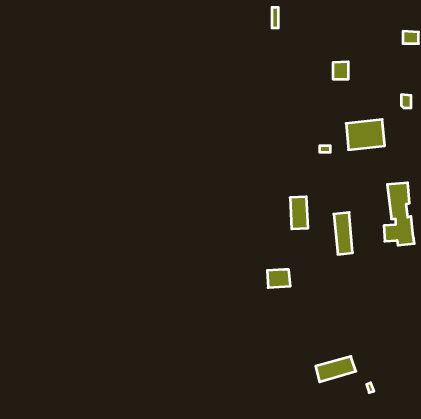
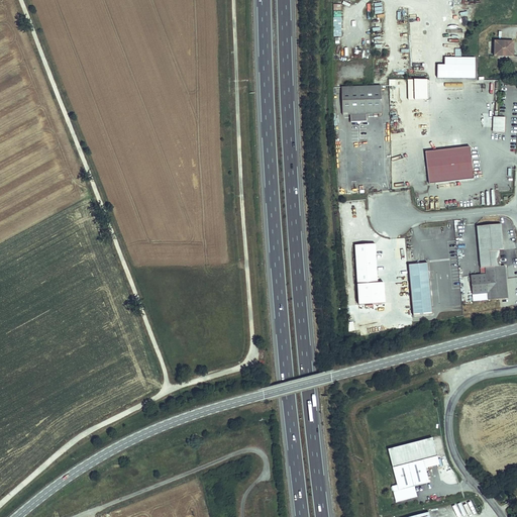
building: none -> [437,55,476,76]
building: none -> [342,84,382,121]
building: [267,270,290,288] -> [357,280,386,302]
building: none -> [390,459,429,501]

